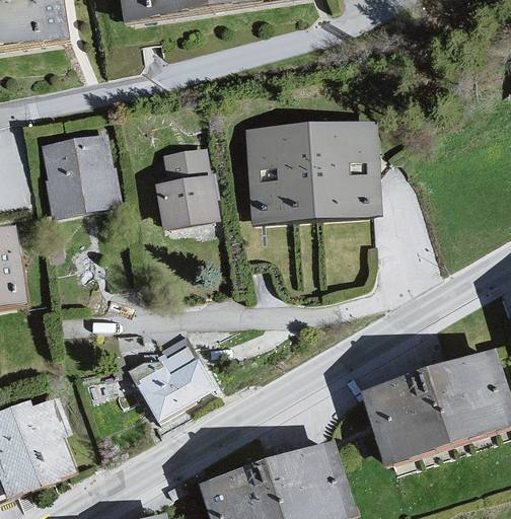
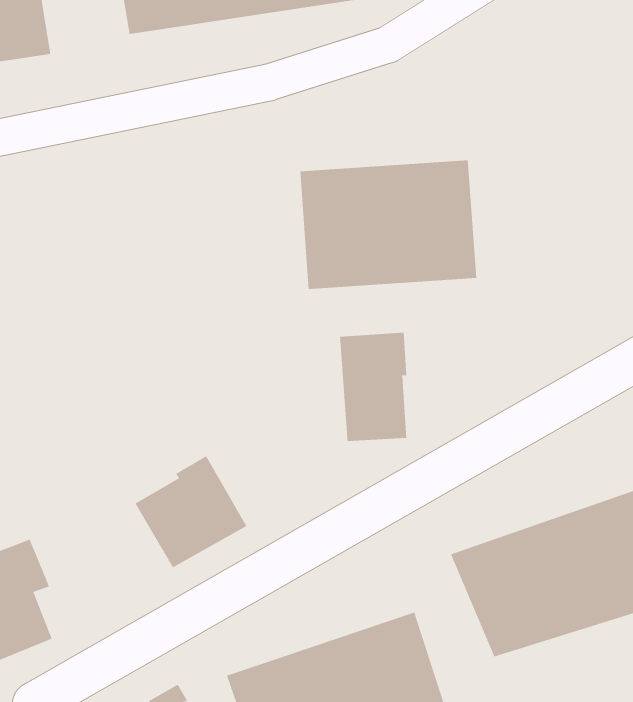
building: [42,134,115,209] -> none
building: [155,145,216,222] -> none
building: none -> [339,332,407,442]

